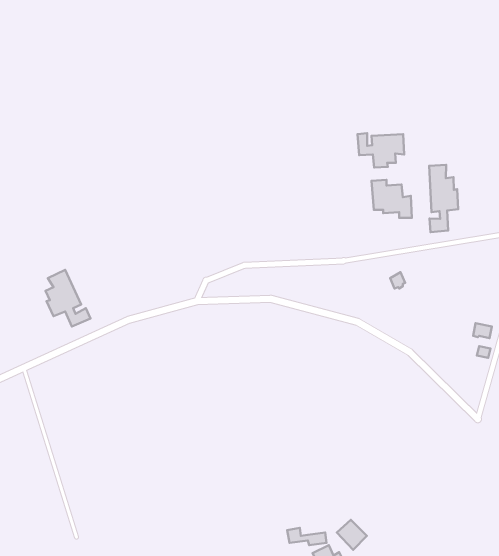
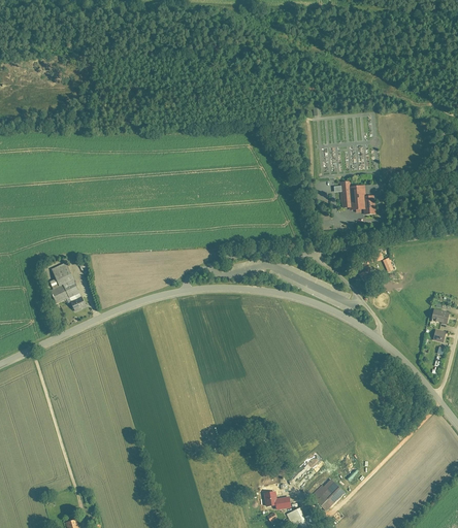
building: [358,133,404,168] -> none
building: [429,165,458,232] -> none

